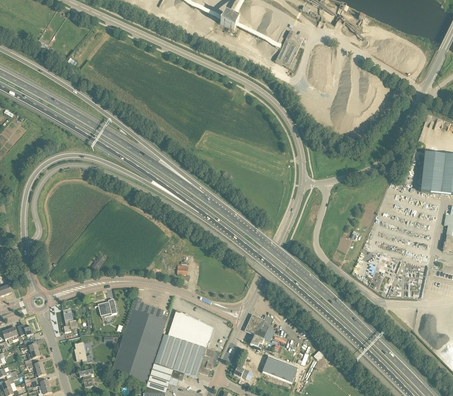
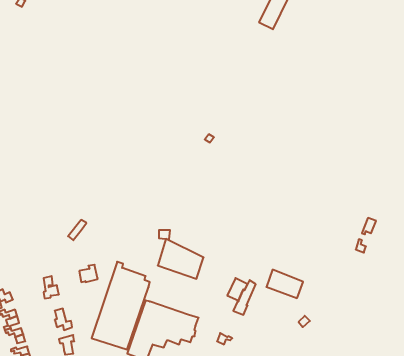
building: [167,309,212,348] -> [158,239,204,279]
building: [261,355,297,383] -> [266,270,303,298]

